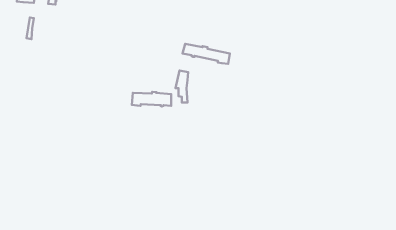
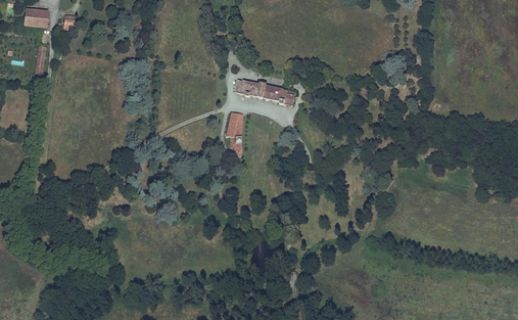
building: [132,92,171,106] -> none

